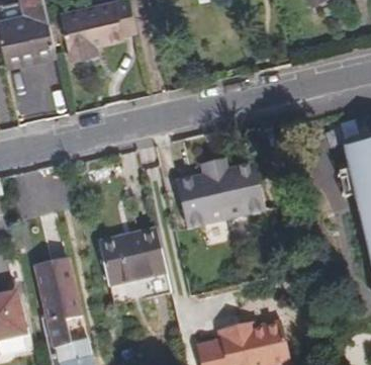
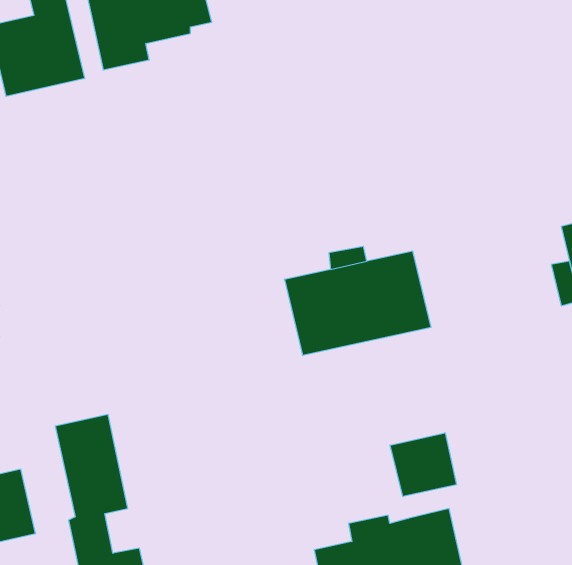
building: [101,230,170,302] -> none
building: none -> [390,433,457,497]

